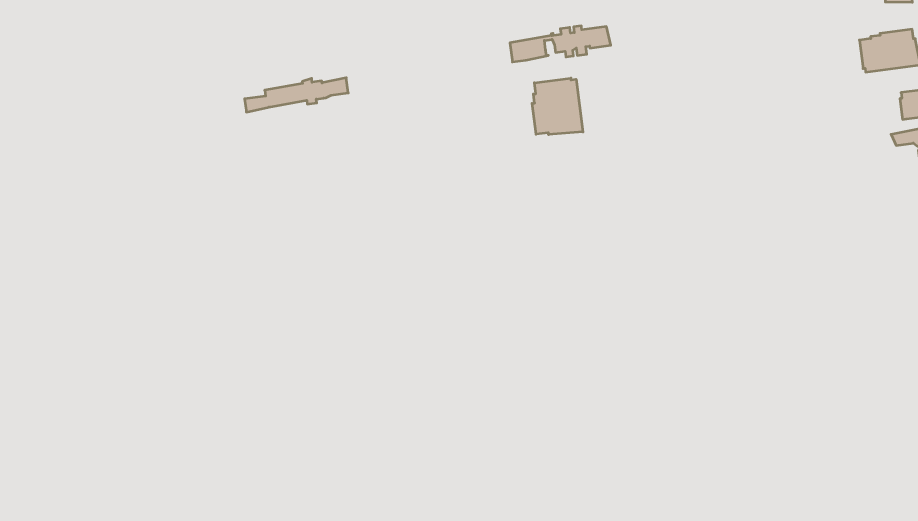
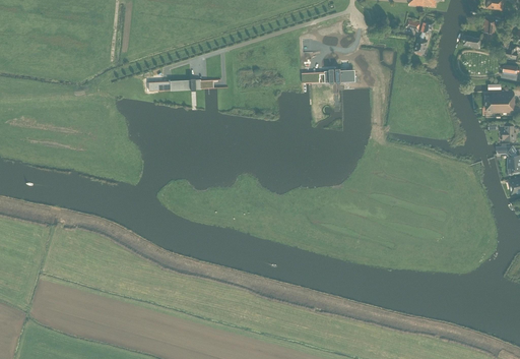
building: [532,78,583,135] -> none

